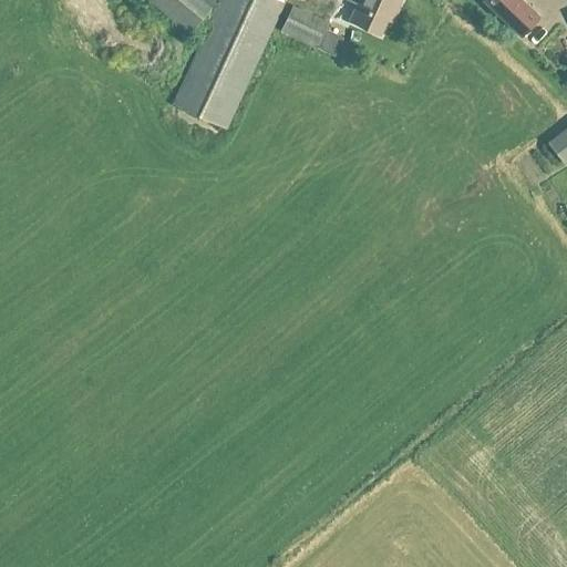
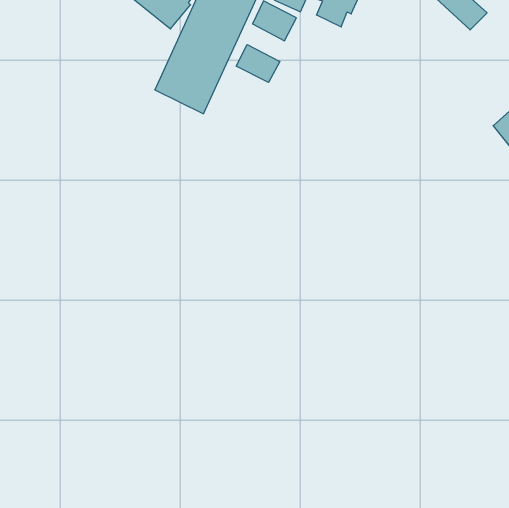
building: none -> [236,45,280,82]

